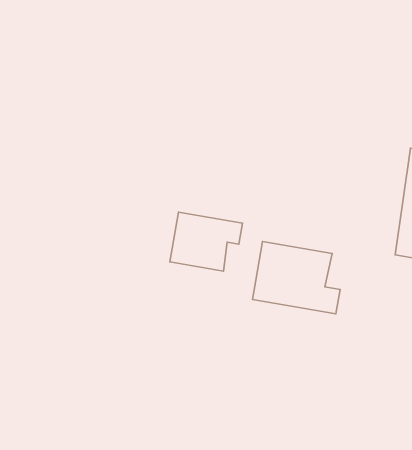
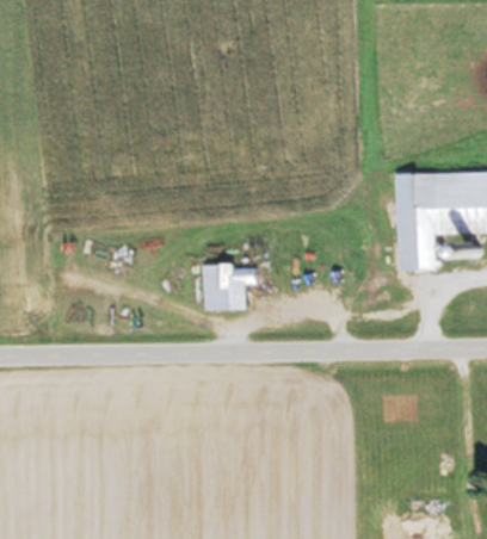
building: [253,242,340,314] -> none

